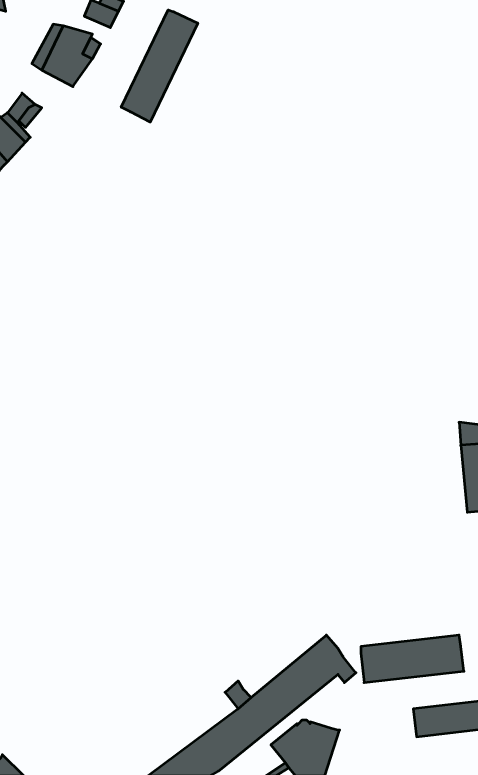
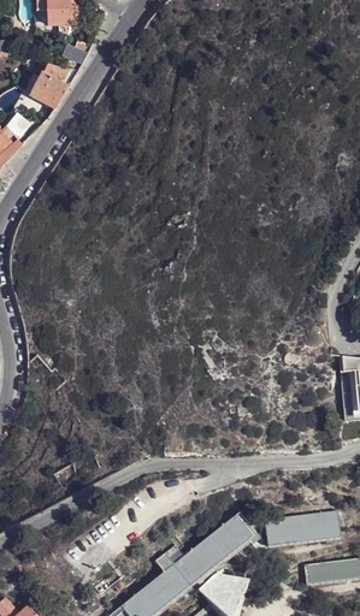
building: [121,10,198,122] -> none

